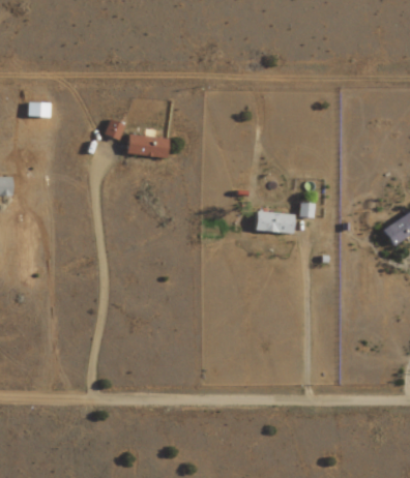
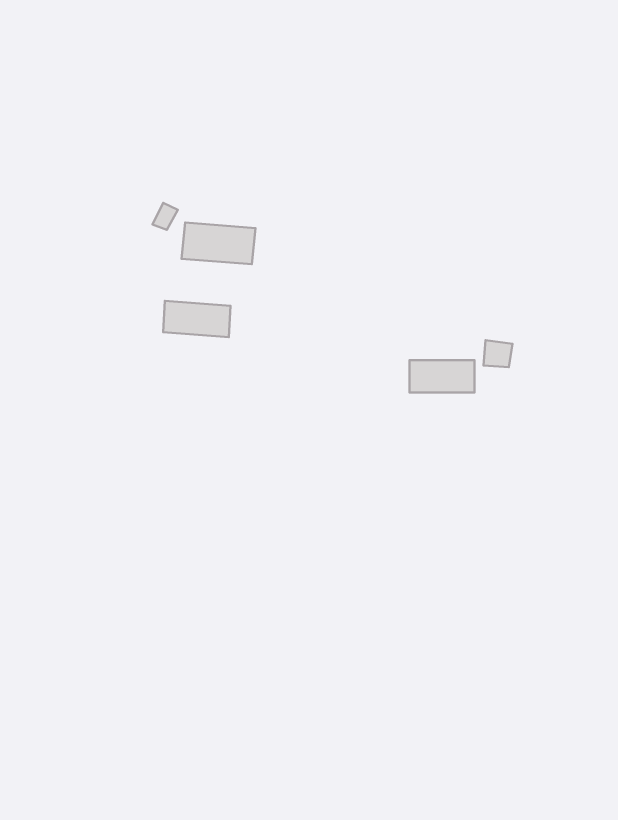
building: none -> [163,301,231,337]

